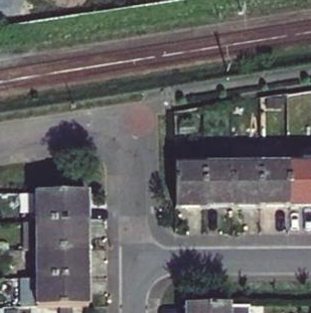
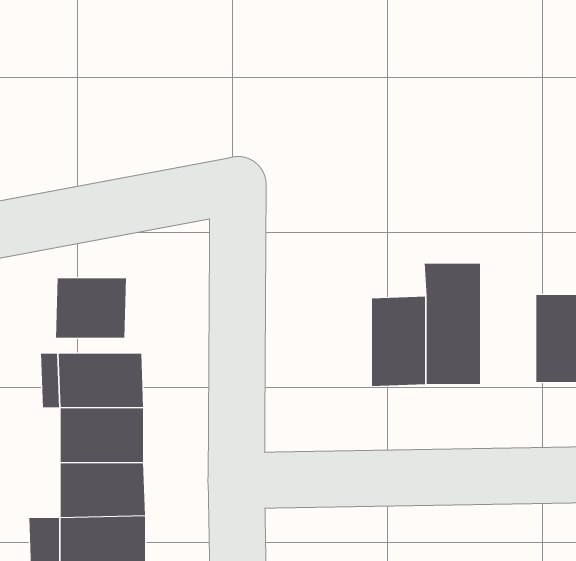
building: [261,143,289,205] -> none
building: none -> [56,278,127,338]
building: [174,161,204,206] -> none

